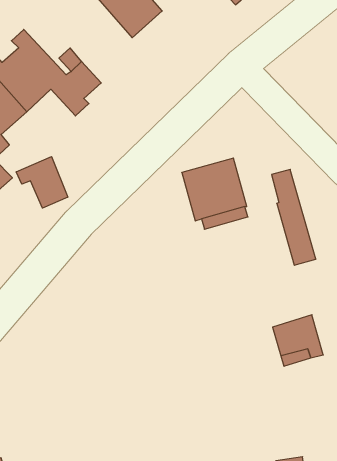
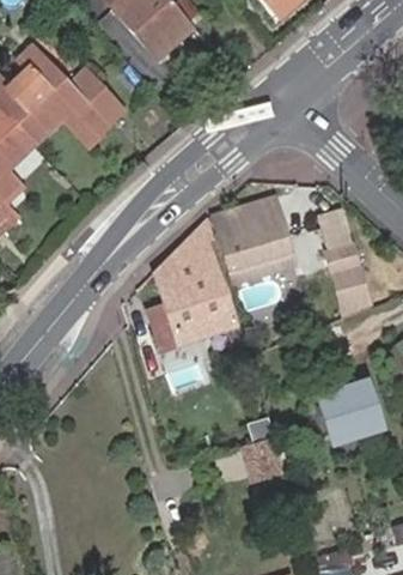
building: [16,157,68,208] -> none
building: none -> [148,219,236,350]
building: none -> [243,436,285,479]

